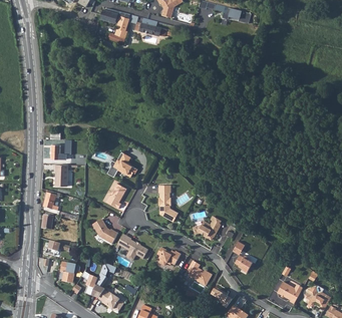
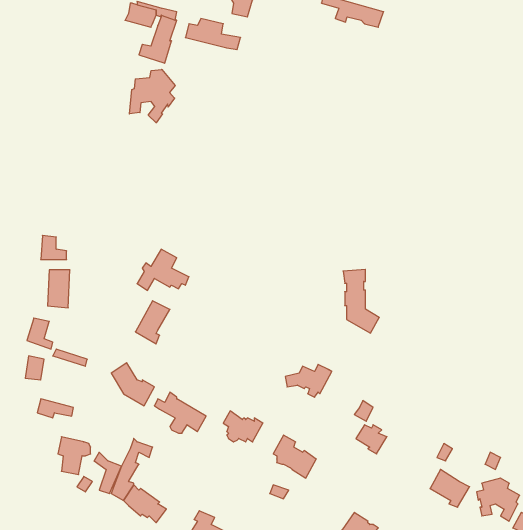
building: none -> [129,69,175,123]
building: [157,185,179,222] -> [343,269,379,333]

